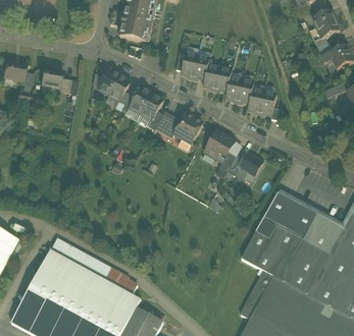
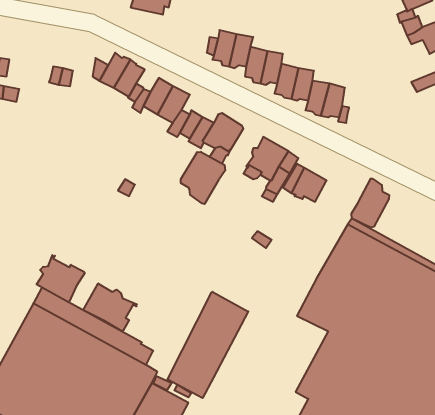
building: [41,68,63,93] -> none
building: none -> [181,152,225,204]
building: none -> [352,178,389,228]
building: none -> [37,255,85,302]
building: none -> [83,283,137,331]
building: none -> [167,292,248,398]

